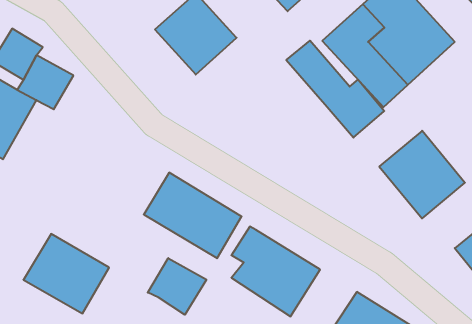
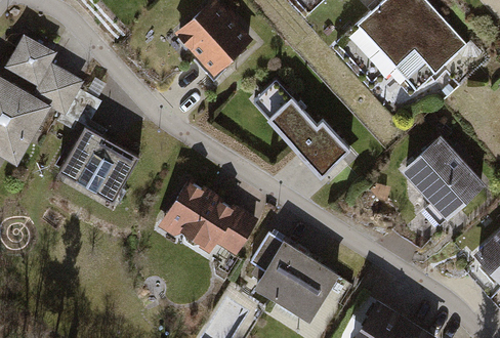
building: [286,41,384,138] -> [251,80,349,177]
building: [23,234,109,313] -> [54,124,140,204]
building: [148,258,206,315] -> none

